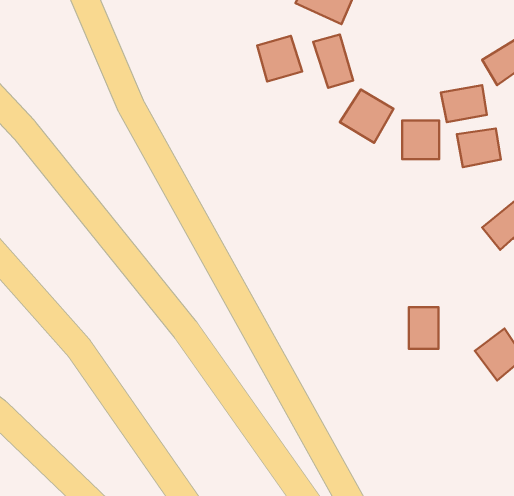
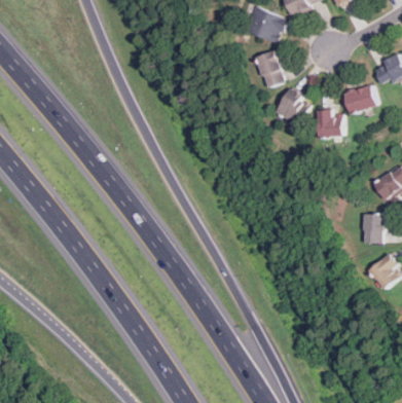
building: [257,36,302,82] -> none
building: [457,128,501,167] -> none
building: [409,307,439,349] -> [362,214,382,243]

